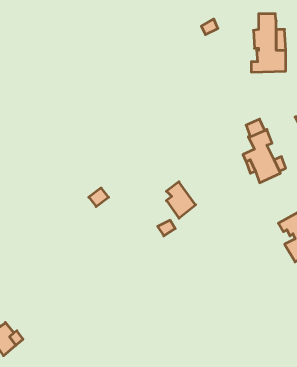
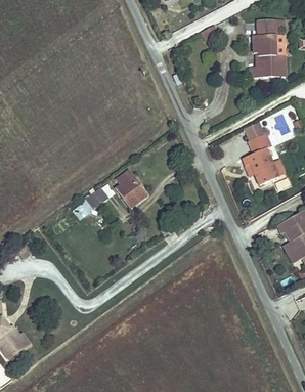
building: [166,182,196,218] -> [119,168,147,204]

